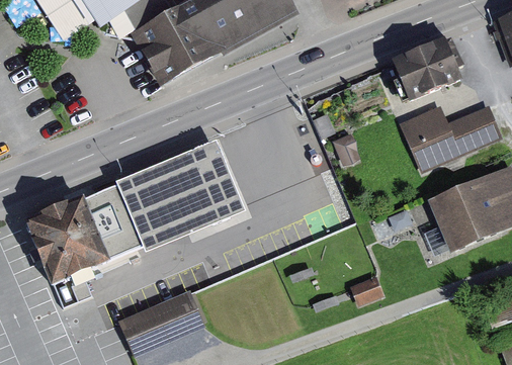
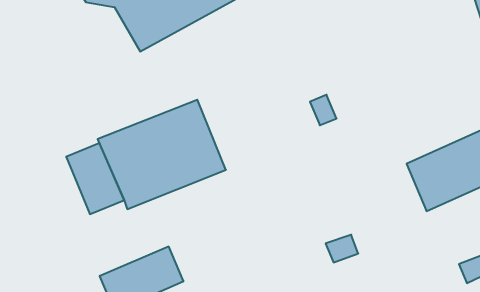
building: [396,41,462,101] -> none
building: [399,104,502,172] -> none
building: [26,192,107,276] -> none

